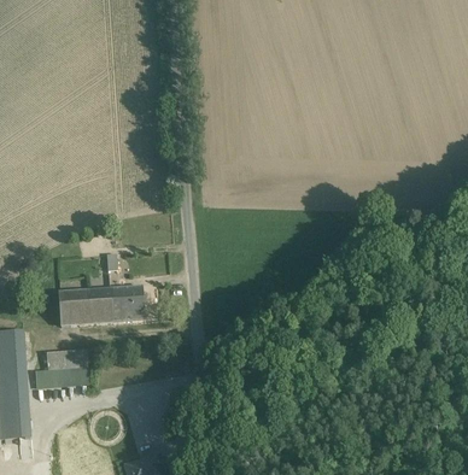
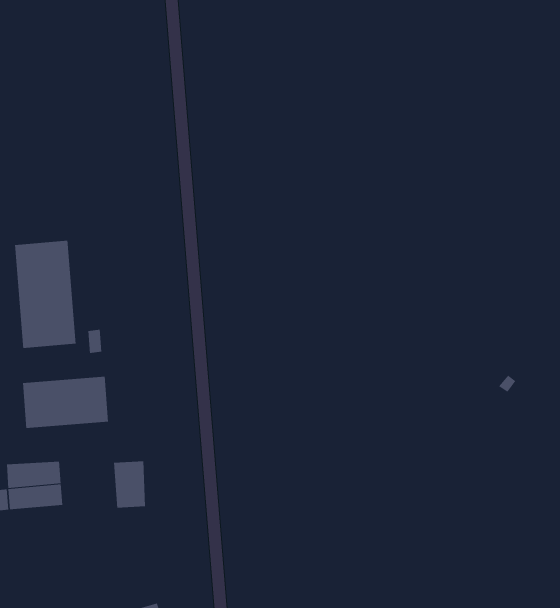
building: none -> [15,240,76,349]
building: [119,286,144,321] -> [113,461,146,508]

